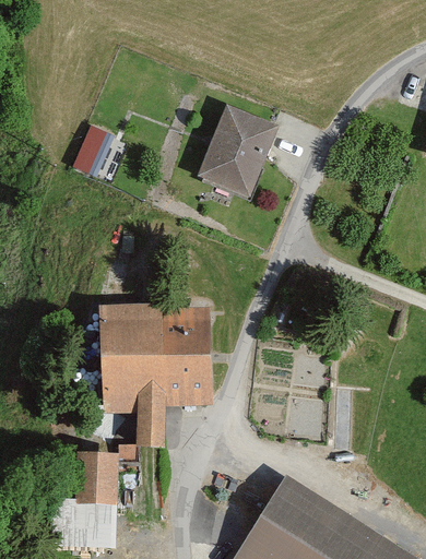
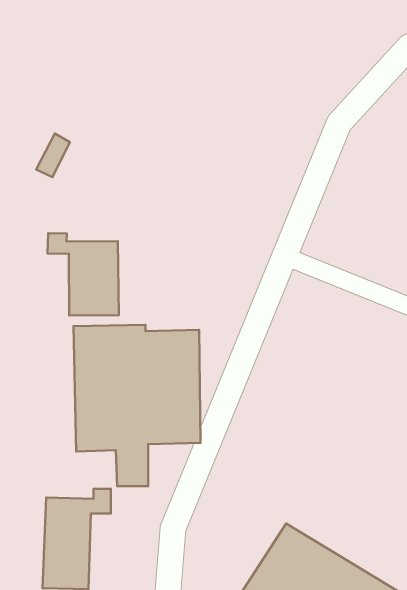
building: [199,103,274,192] -> none
building: none -> [47,233,119,316]

